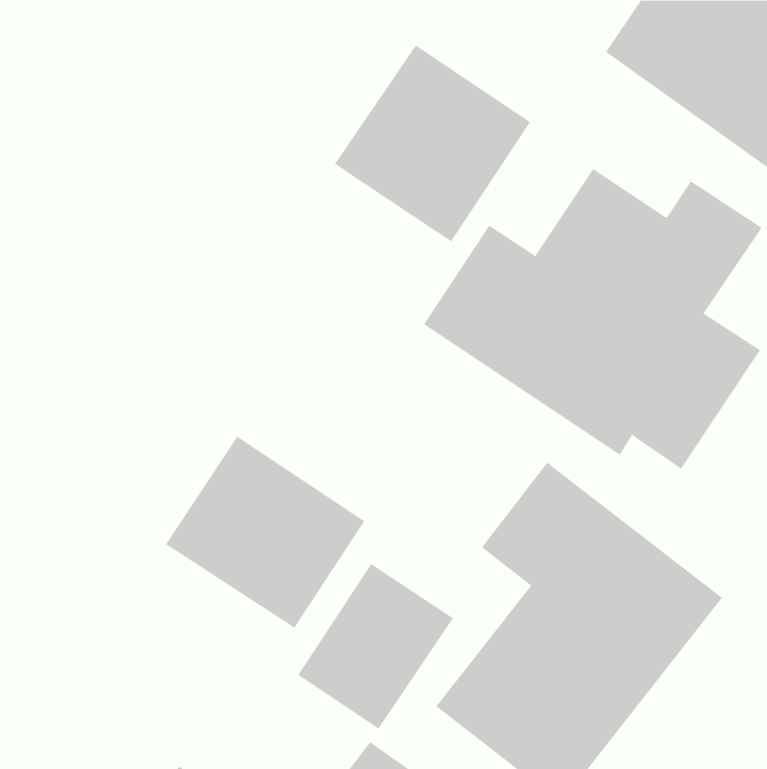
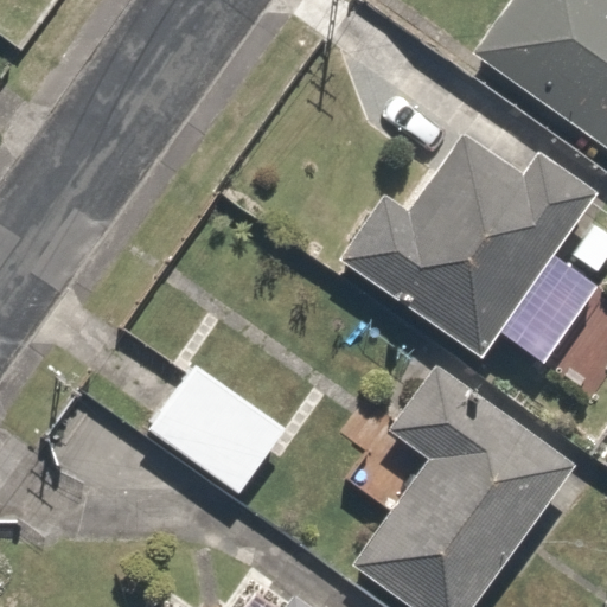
building: [334,45,531,242] -> none
building: [298,563,454,729] -> none

